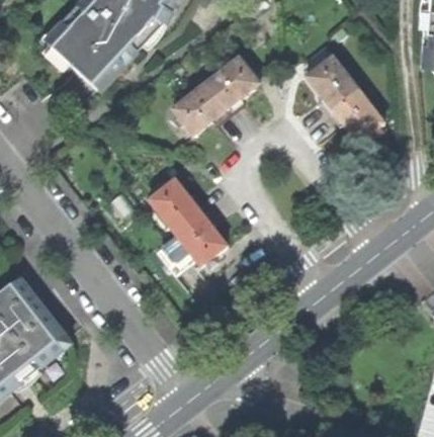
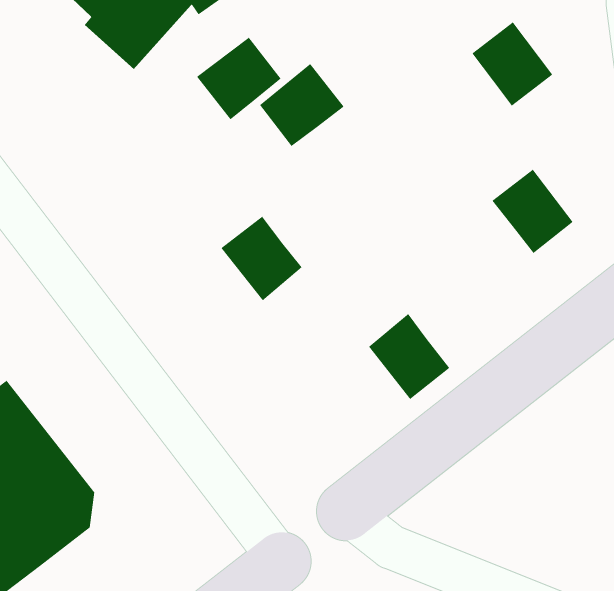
building: [204,55,258,107] -> [196,37,281,120]
building: [331,87,382,141] -> [491,169,573,254]
building: [174,208,226,263] -> [368,313,450,400]

